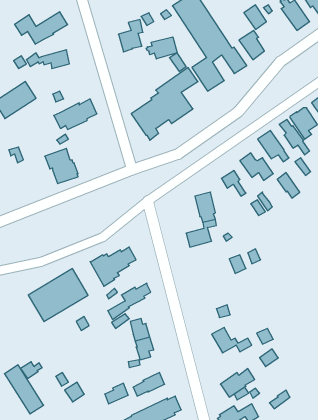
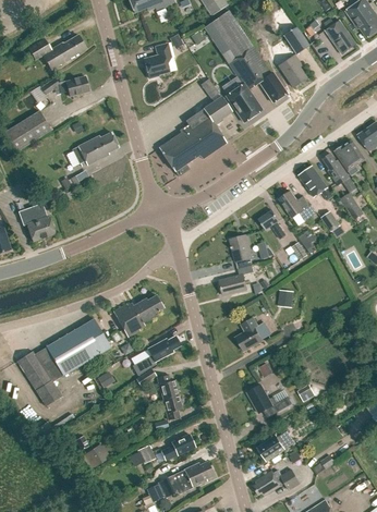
building: [146,37,177,59] -> none
building: [45,148,78,184] -> [19,202,56,241]
building: none -> [236,316,263,350]
building: [4,365,44,414] -> [17,350,61,404]

